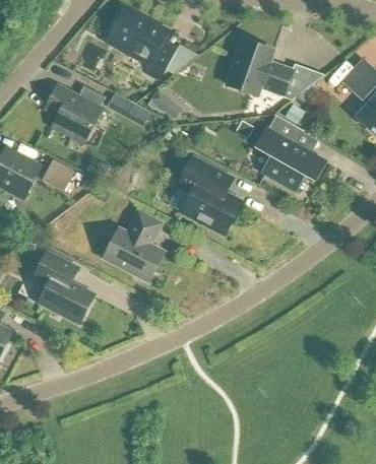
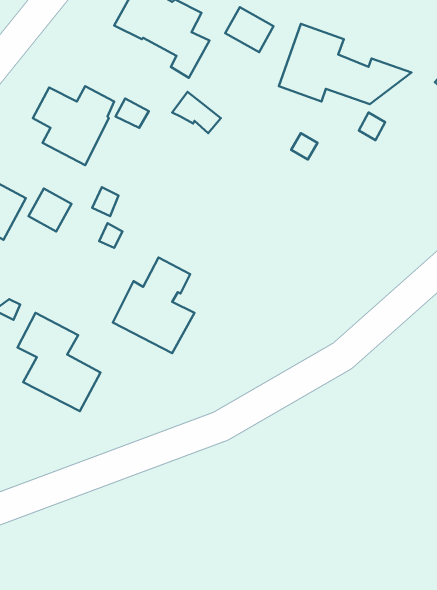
building: none -> [225,7,274,52]
building: [255,113,325,191] -> none
building: [177,155,242,235] -> none

